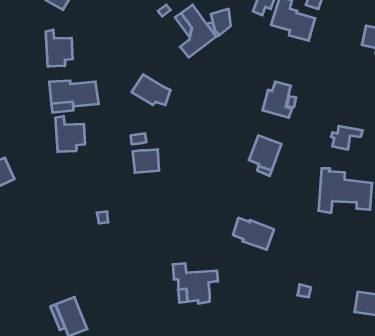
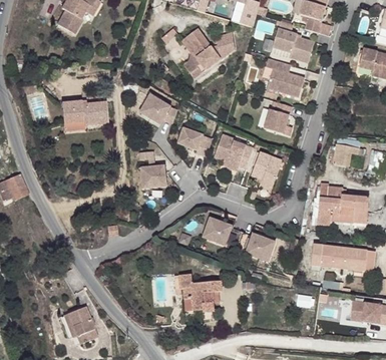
building: [46,30,73,67] -> none
building: none -> [265,58,304,97]
building: none -> [176,127,211,156]
building: none -> [214,133,253,170]
building: [56,116,85,152] -> none
building: none -> [202,218,241,247]
building: none -> [311,245,366,271]

